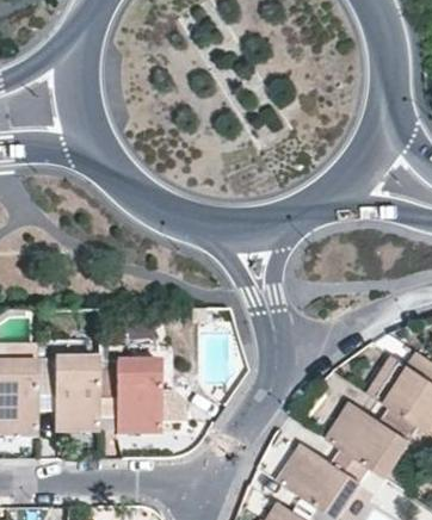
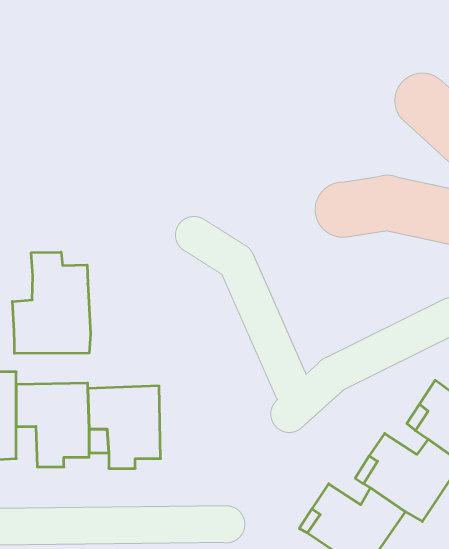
building: none -> [12,252,91,353]

